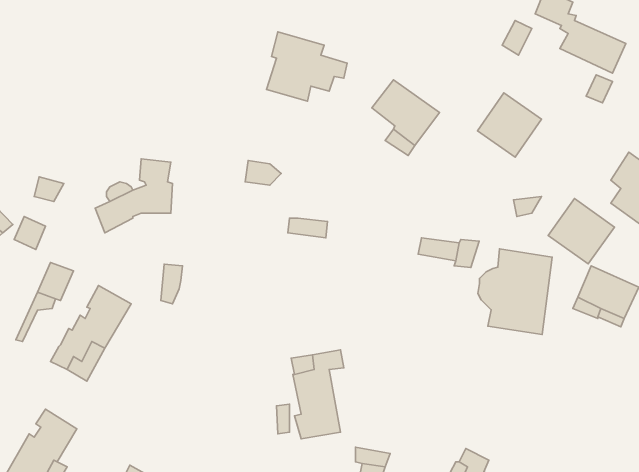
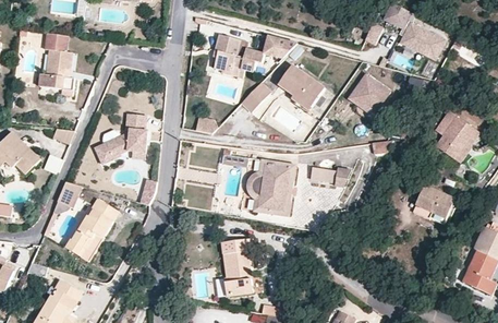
building: none -> [39,29,74,94]
building: none -> [262,33,296,61]
building: none -> [239,81,269,111]
building: [548,199,615,264] -> none
building: [478,249,552,335] -> [246,159,295,216]

